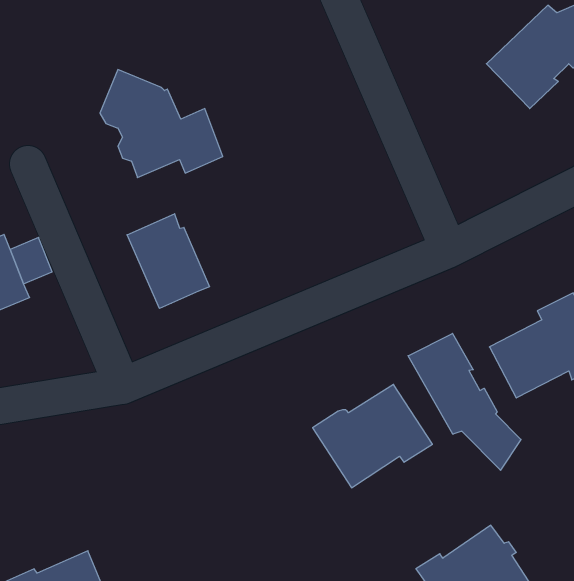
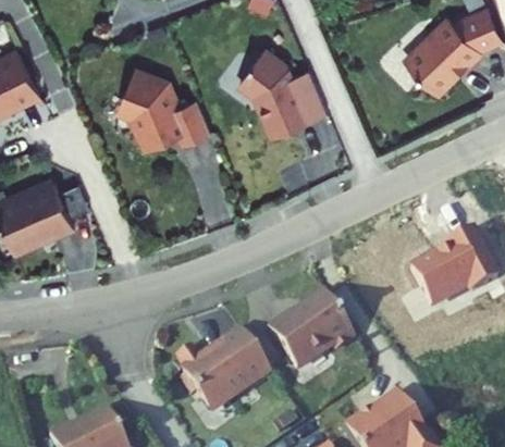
building: none -> [238,49,325,137]
building: [127,214,210,308] -> none
building: [408,333,521,470] -> none
building: none -> [185,334,278,410]

